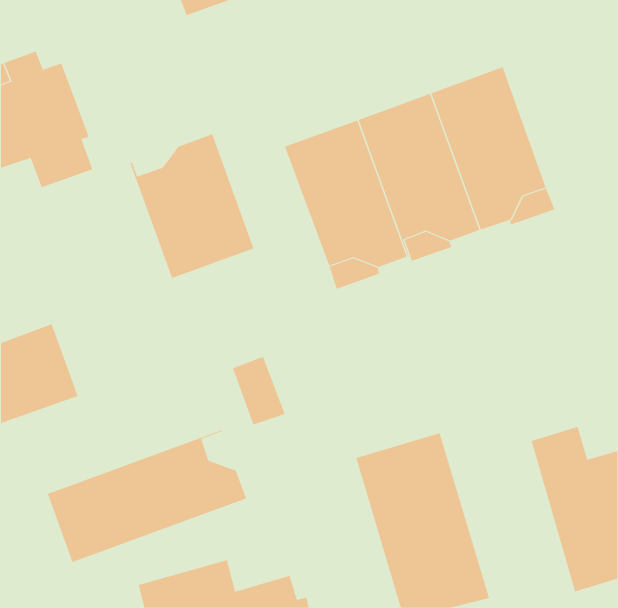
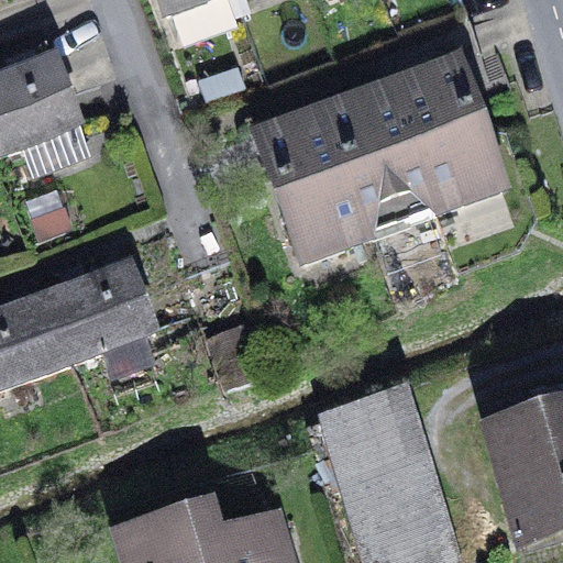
building: [130,134,254,279] -> none
building: none -> [47,263,156,360]
building: [47,429,247,563] -> none

